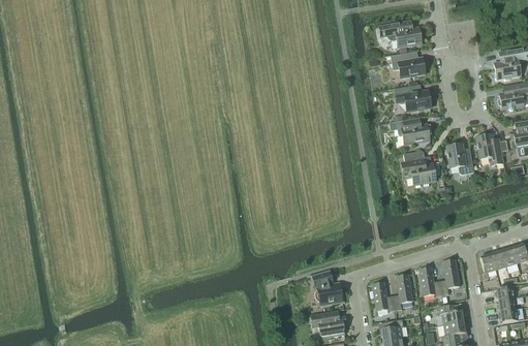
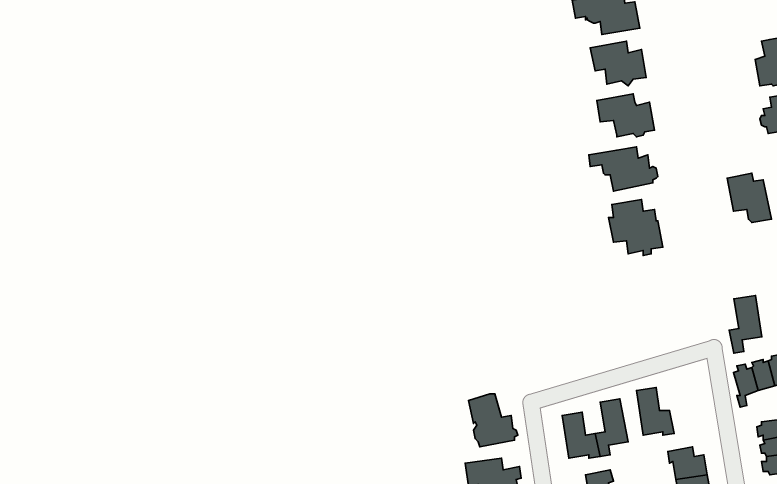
building: [446,143,474,174] -> none
building: [440,260,461,296] -> [729,295,762,353]

